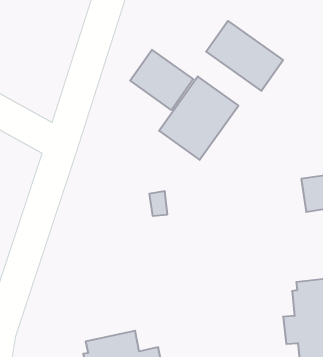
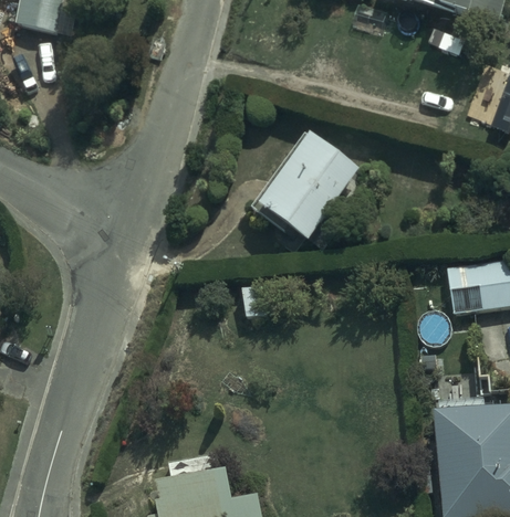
building: [206,21,283,91] -> none
building: [130,50,193,110] -> none

